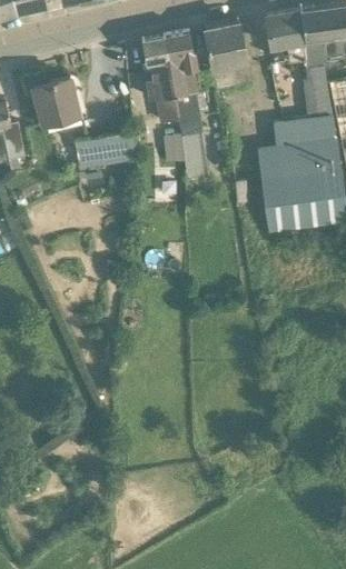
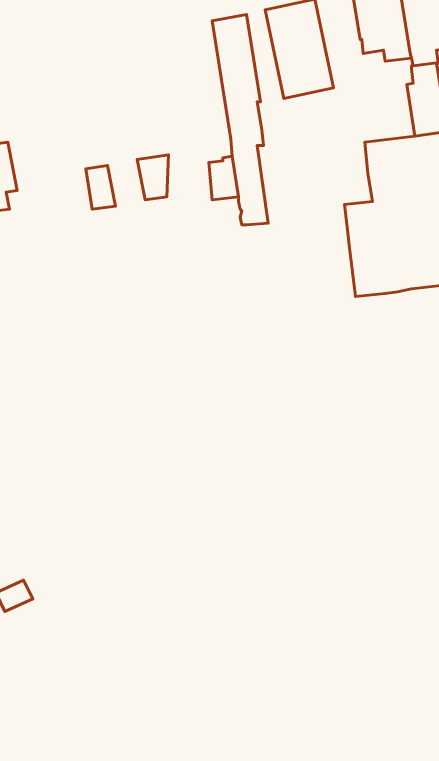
building: [142,36,178,122] -> none
building: [27,77,80,127] -> none
building: [90,134,117,168] -> none

